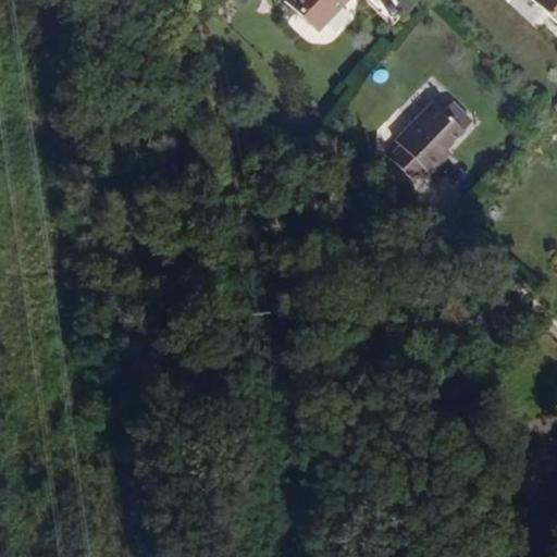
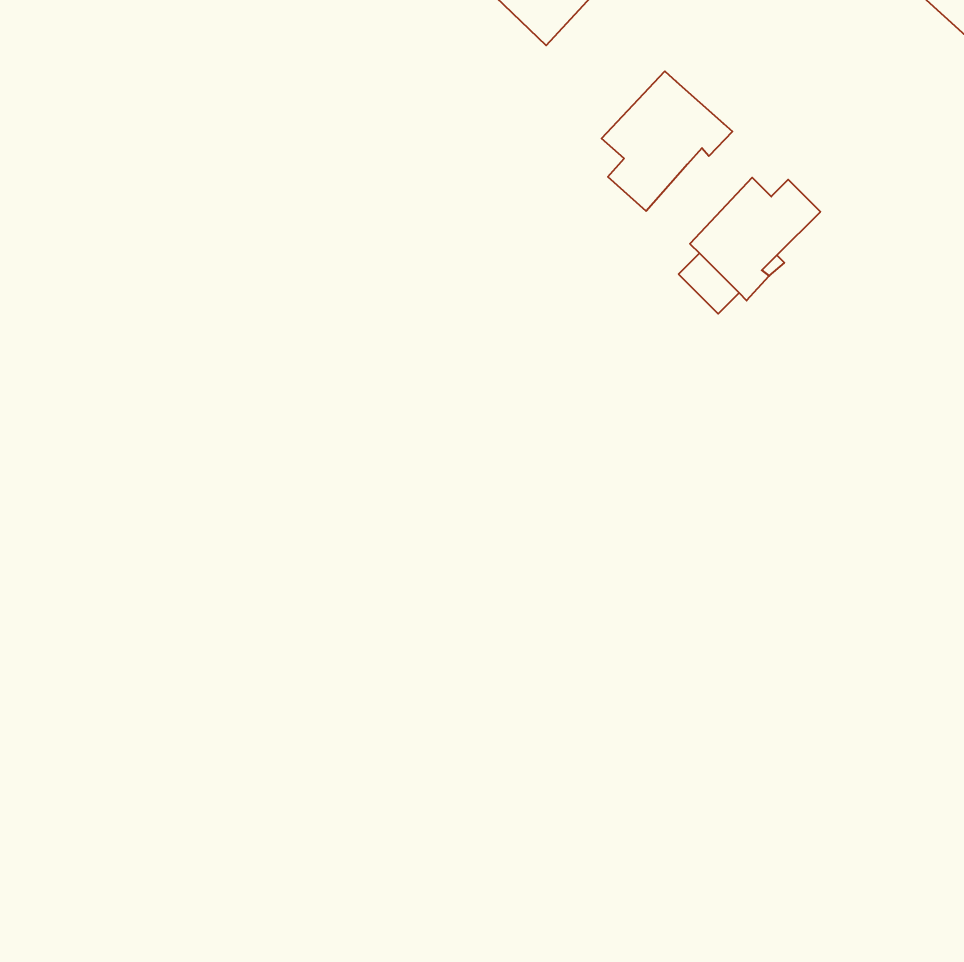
building: none -> [602,71,732,211]

